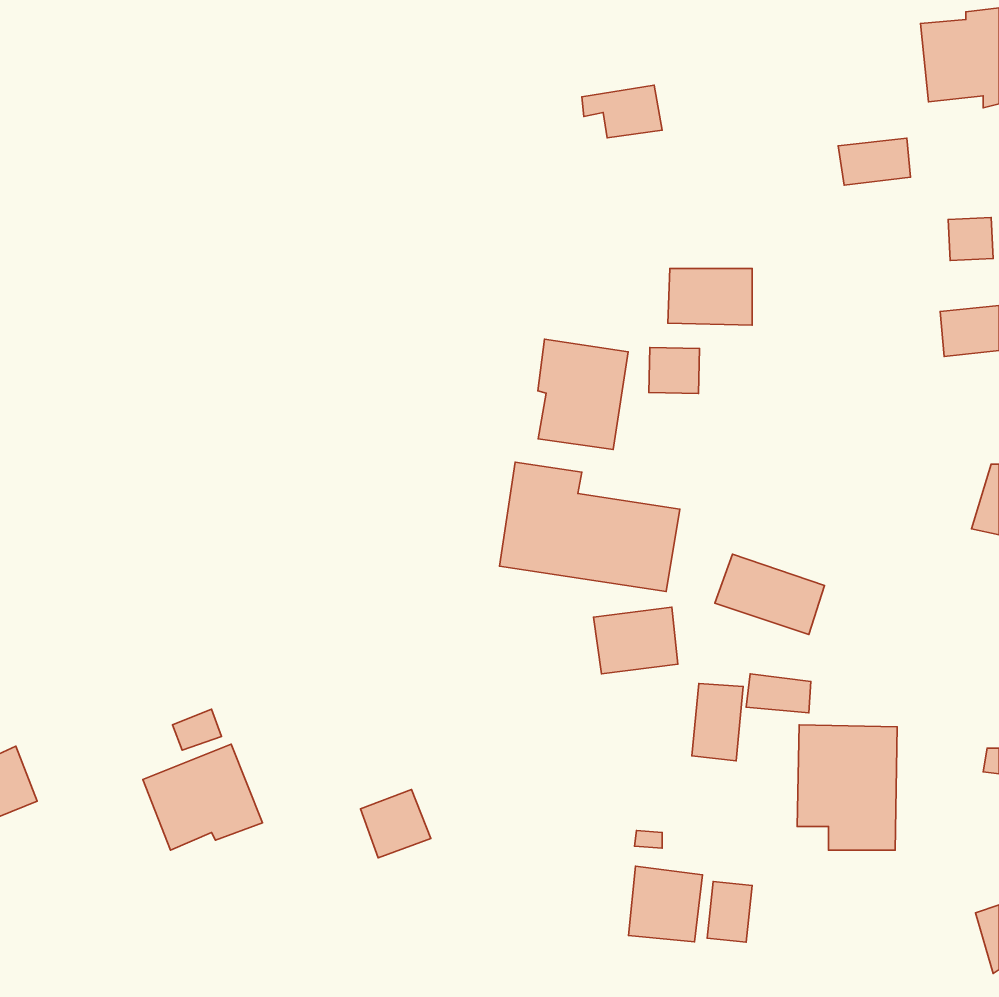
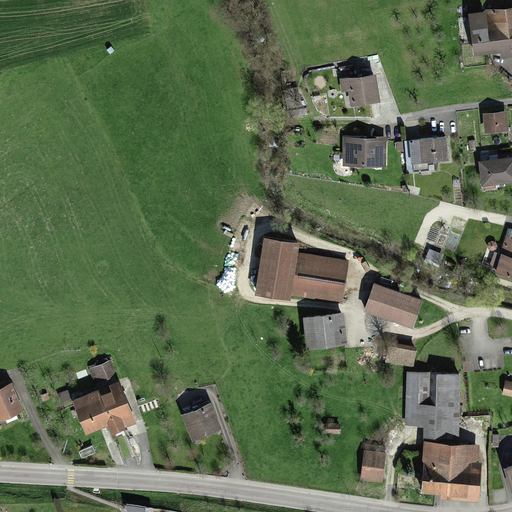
building: [582,85,662,138] -> [338,75,379,102]
building: [838,138,911,185] -> [409,139,446,163]
building: [538,339,628,450] -> none
building: [649,347,700,394] -> none
building: [692,683,743,761] -> none
building: none -> [423,441,480,496]
building: [628,866,702,942] -> none

